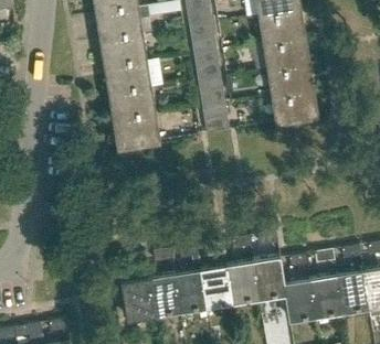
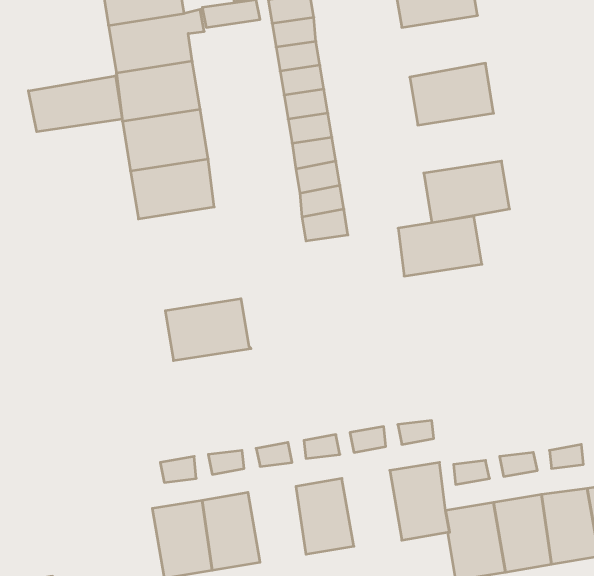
building: [260,11,306,45] -> none
building: none -> [28,76,122,132]
building: [268,65,315,98] -> [398,216,482,276]
building: [114,117,161,151] -> [165,299,251,361]
building: [226,262,260,304] -> none
building: [175,271,207,313] -> none

